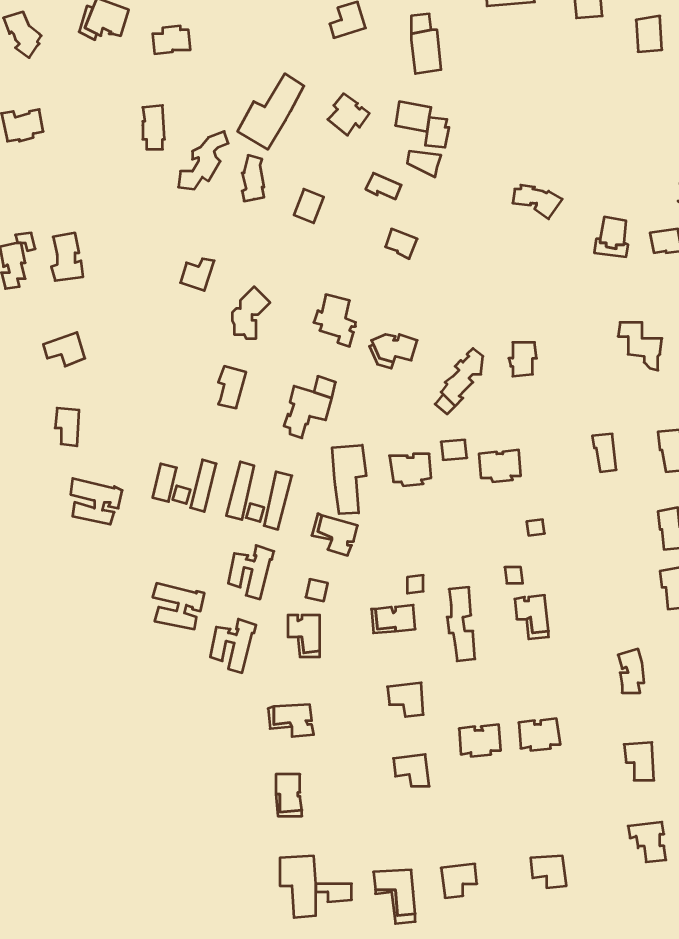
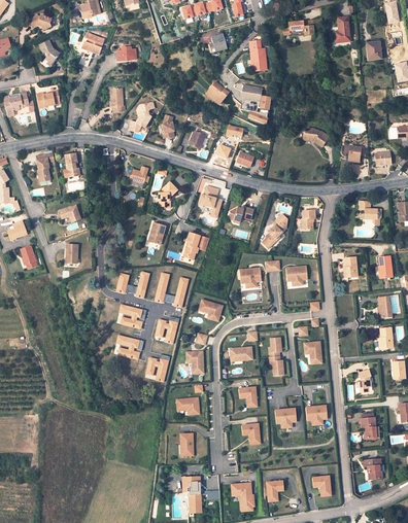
building: [238,74,304,149] -> none
building: [332,445,366,514] -> none
building: [71,478,122,524] -> [120,304,146,327]

